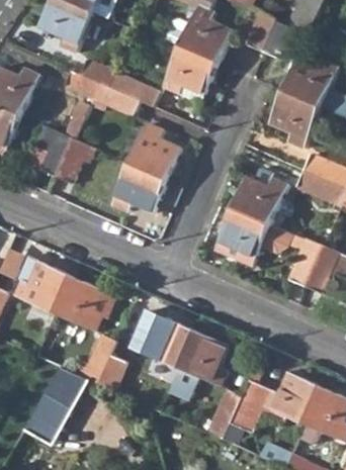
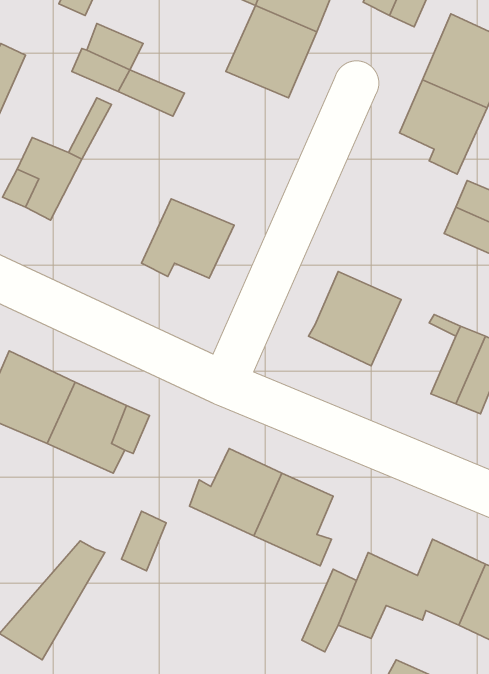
building: [103,63,158,104] -> none
building: [128,122,180,179] -> none
building: [55,138,95,184] -> none
building: [231,166,287,224] -> none
building: [73,334,116,383] -> none

